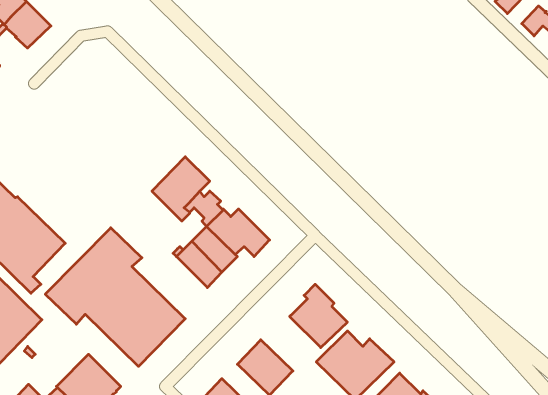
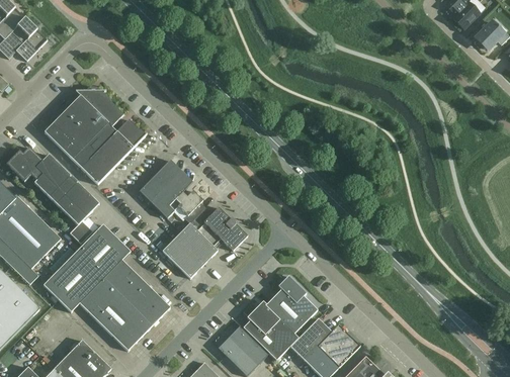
building: none -> [44,86,147,183]
building: none -> [6,147,99,243]
building: none -> [243,300,299,360]

